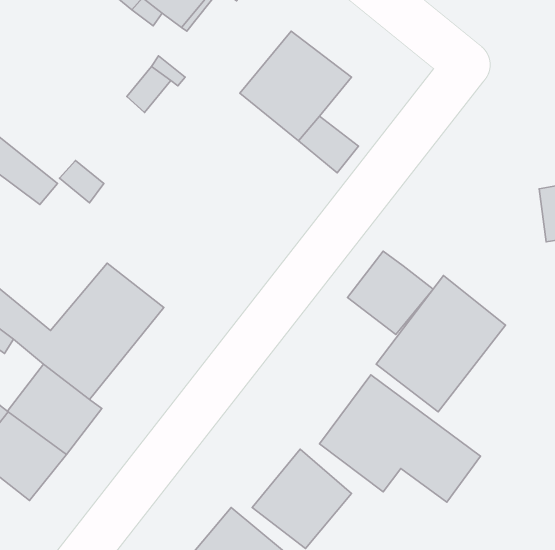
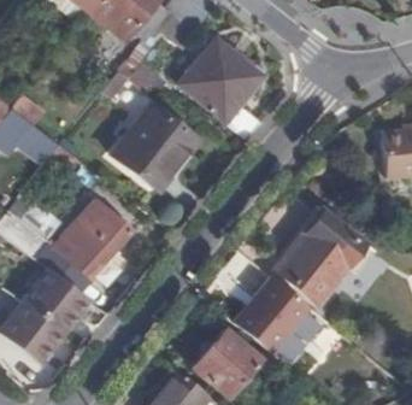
building: none -> [112,105,194,188]
building: [347,251,433,334] -> none

